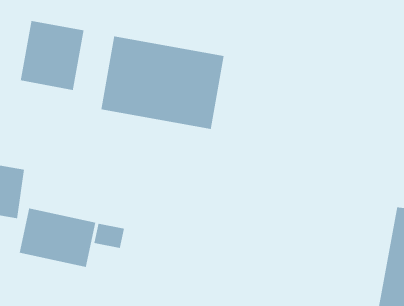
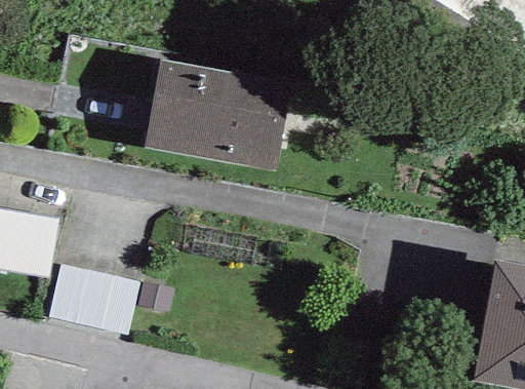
building: [20,20,84,91] -> none

